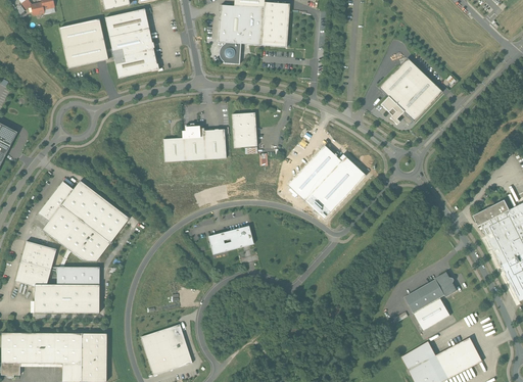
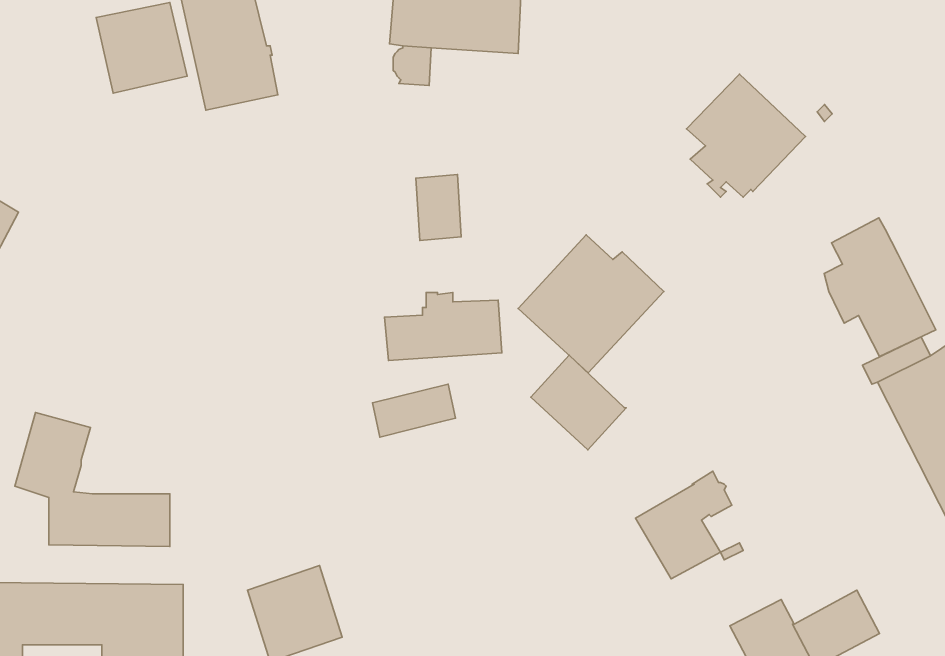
building: [162,125,226,161] -> [385,293,502,361]
building: none -> [824,218,936,356]
building: [38,180,129,284] -> none
building: none -> [531,355,626,450]
building: [405,271,457,329] -> [635,471,732,579]

